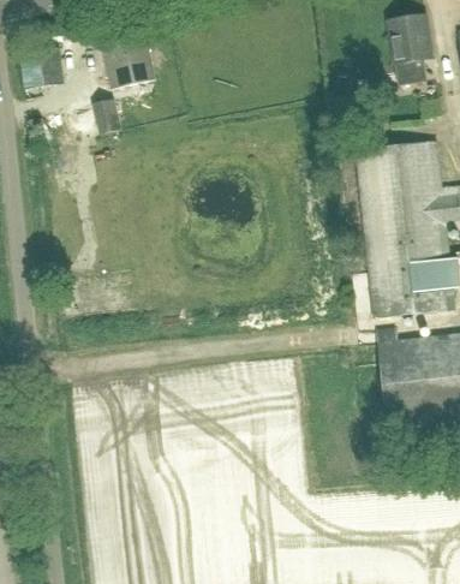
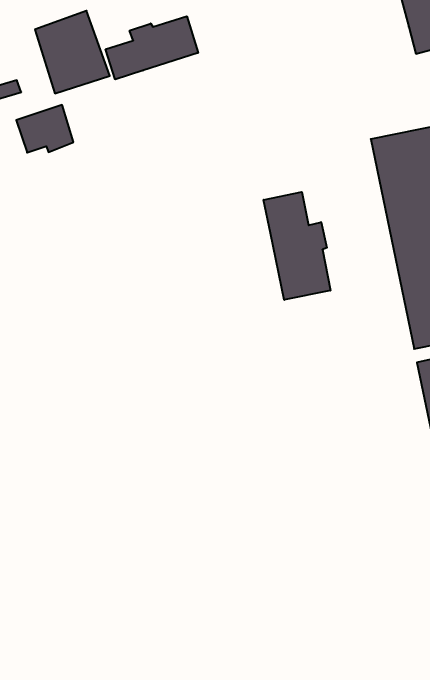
building: none -> [106,16,198,79]
building: none -> [264,192,330,300]

